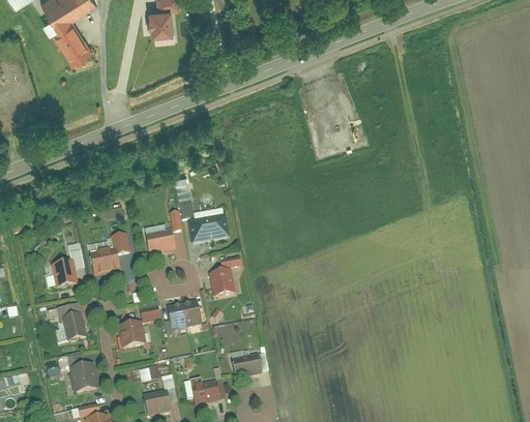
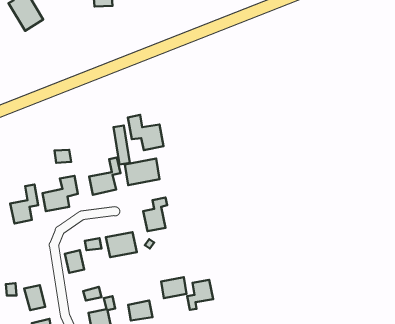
building: none -> [128,115,164,150]
building: [58,304,87,341] -> none
building: none -> [187,280,213,310]

